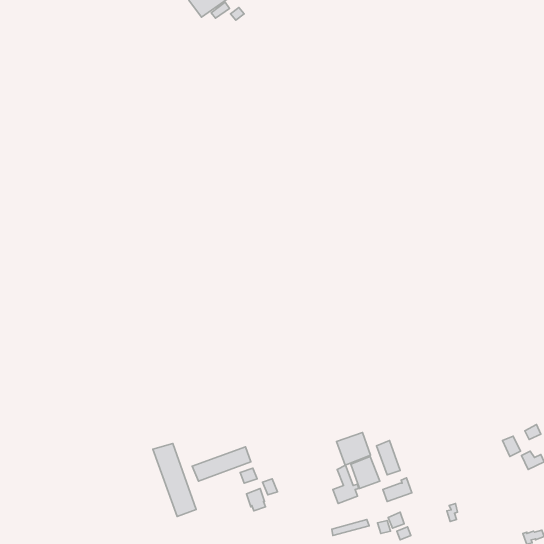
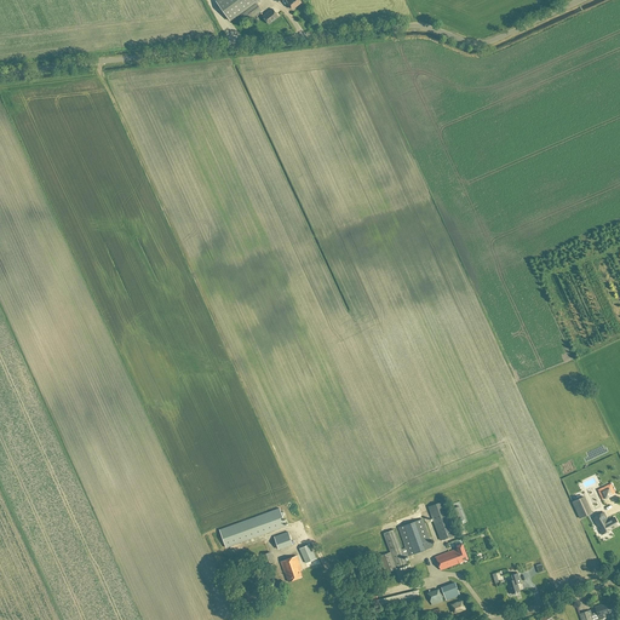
building: [337,433,370,465] -> none
building: [153,443,196,517] -> none

